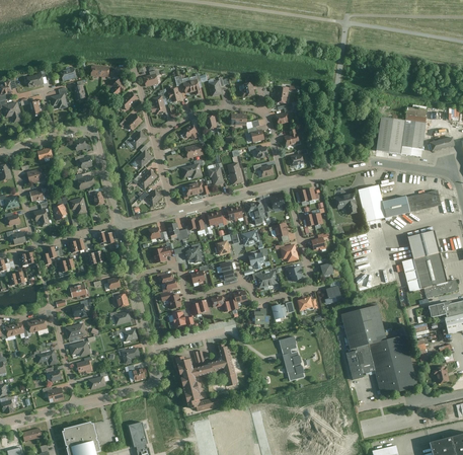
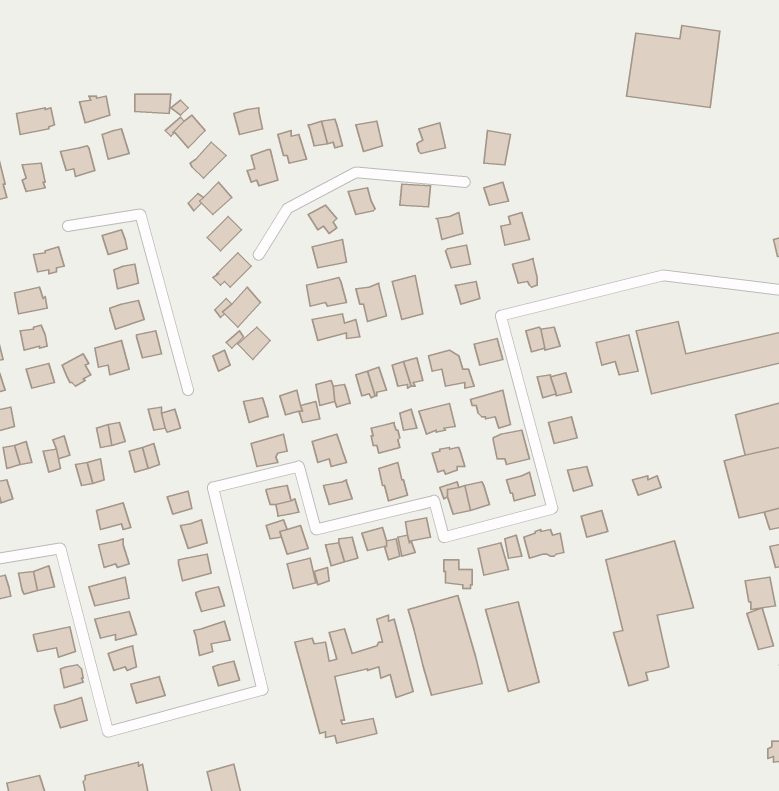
building: [377,113,427,157] -> [626,26,720,108]
building: none -> [408,595,482,695]
building: [368,333,418,396] -> none

